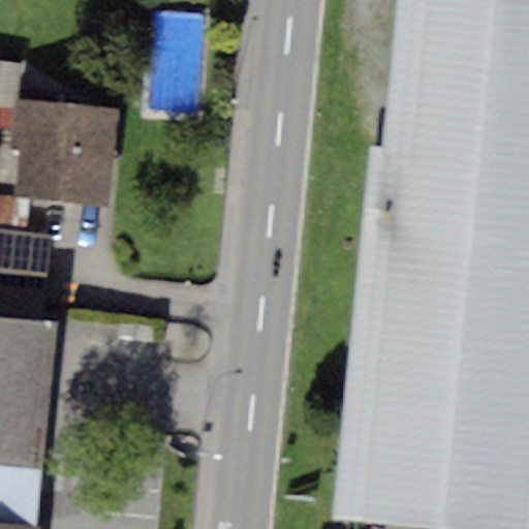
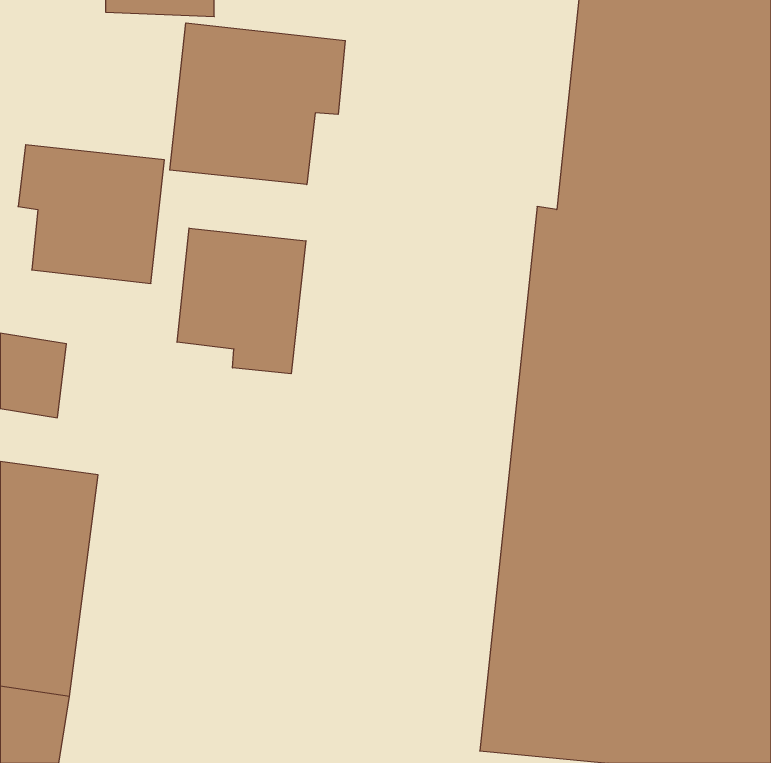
building: none -> [170,23,345,185]
building: none -> [177,228,306,374]

